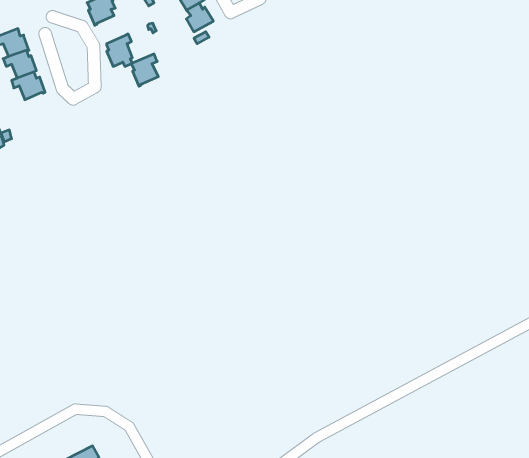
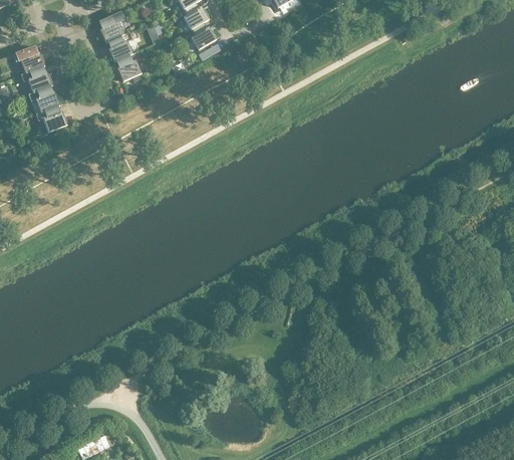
building: [131,54,158,86] -> [107,31,133,61]
building: none -> [35,104,66,132]

